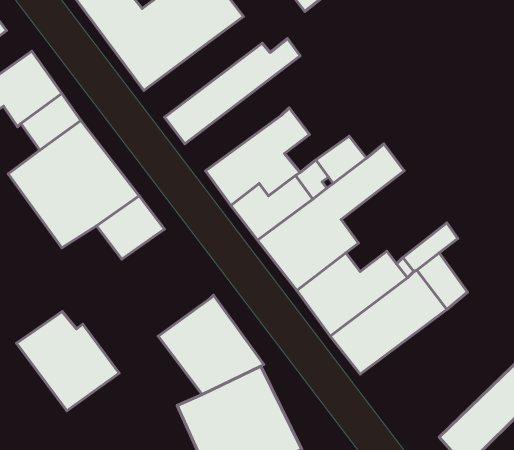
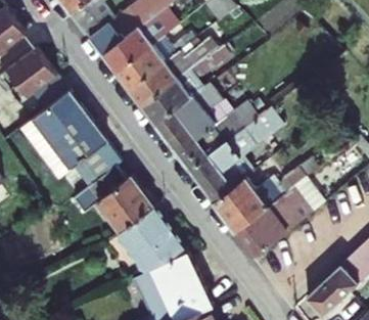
building: none -> [113,35,192,91]
building: none -> [140,47,228,126]
building: [16,312,119,411] -> [90,169,156,233]

